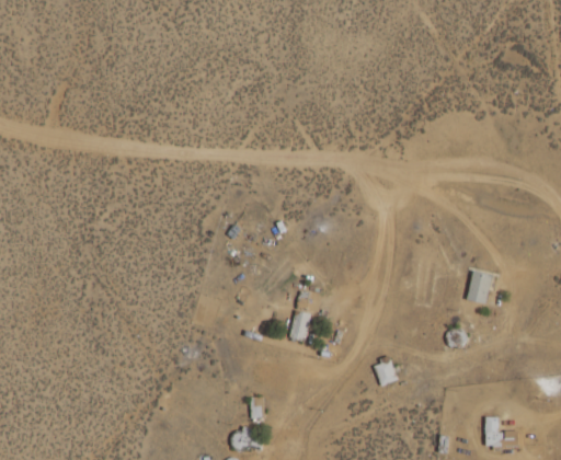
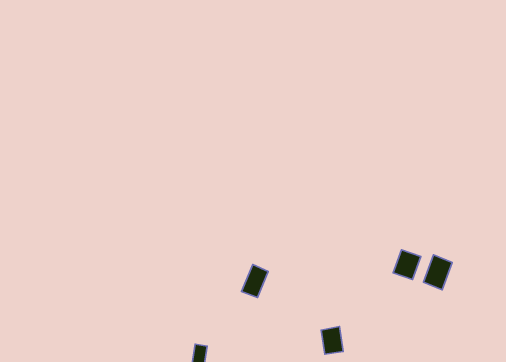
building: none -> [393,250,421,279]

